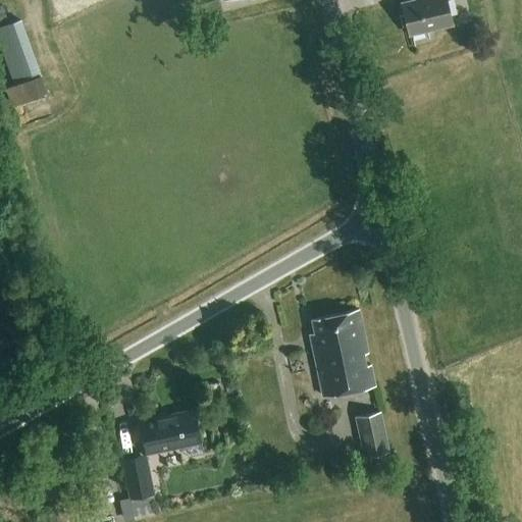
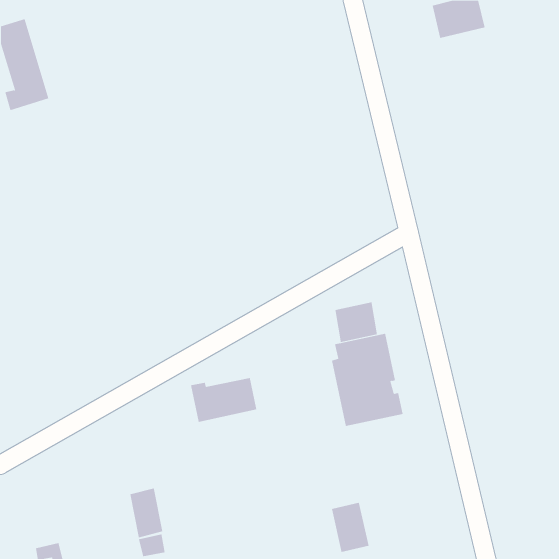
building: none -> [335,302,378,343]
building: [139,413,201,455] -> [190,378,257,423]
building: [354,414,389,461] -> [331,502,369,553]

